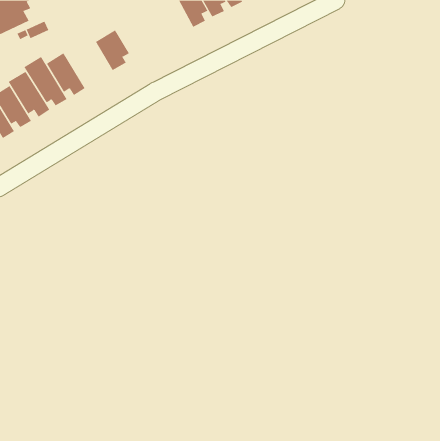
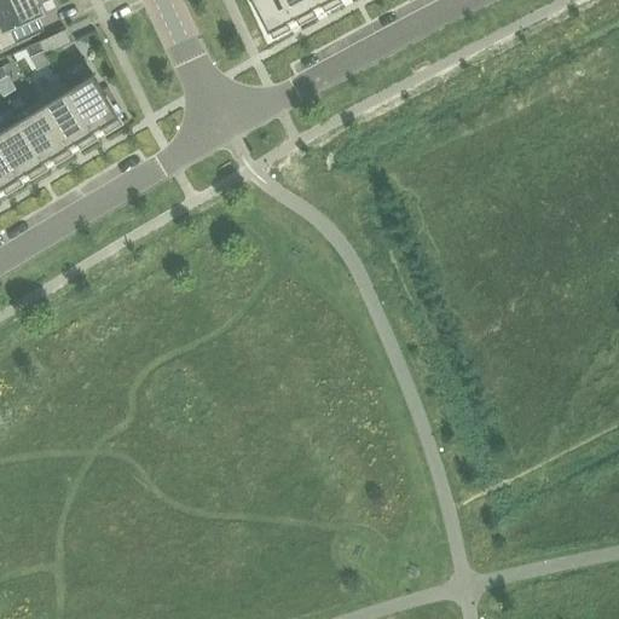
building: [95,23,133,71] -> none

